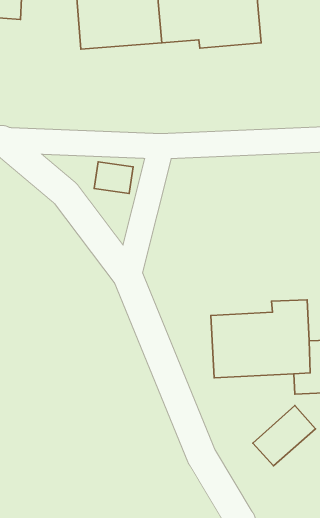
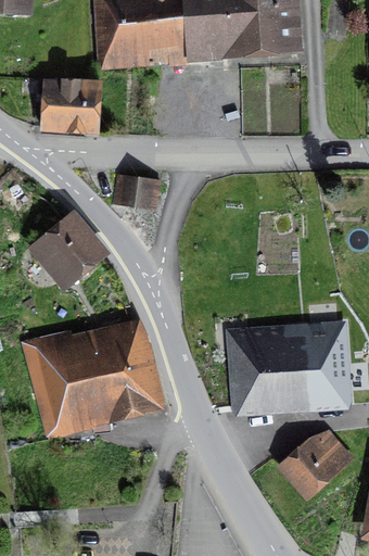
building: none -> [38,87,99,131]
building: none -> [29,213,99,283]
building: none -> [31,331,151,427]

